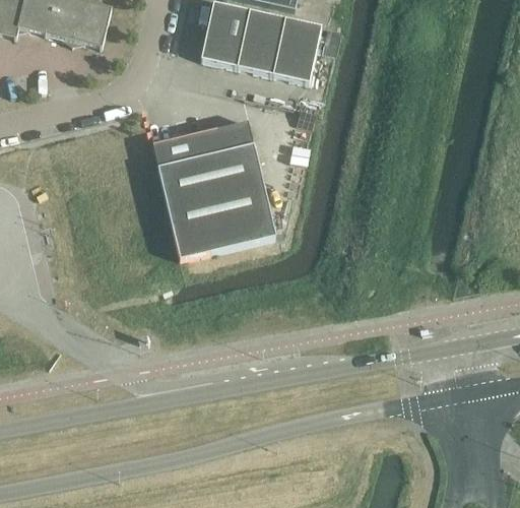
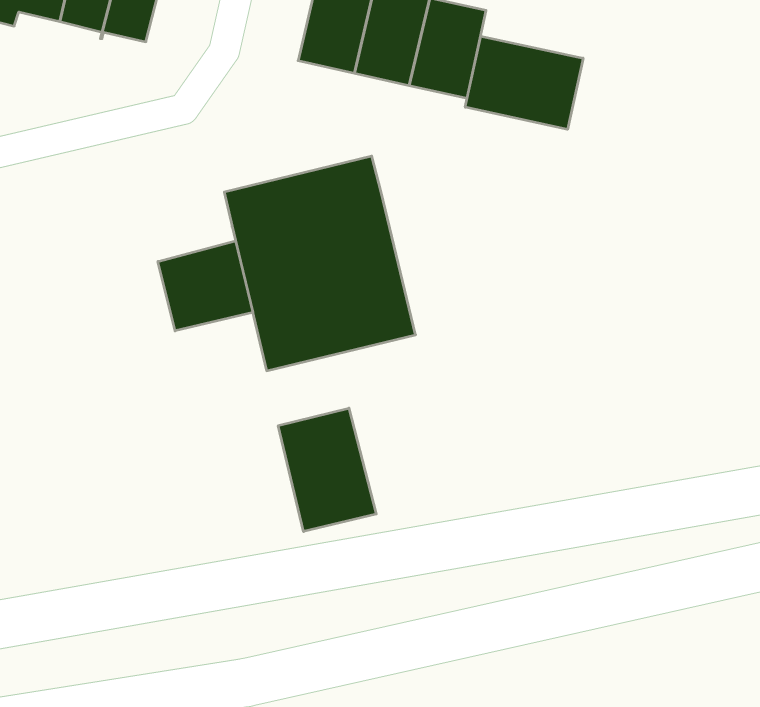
building: none -> [465,36,583,129]
building: none -> [158,241,253,331]
building: none -> [278,408,376,532]

